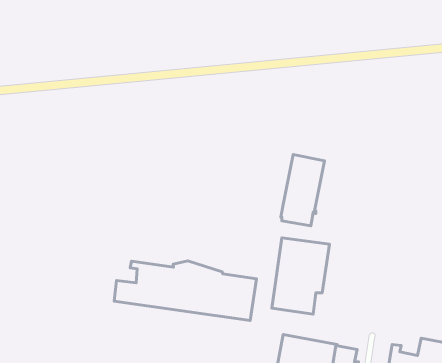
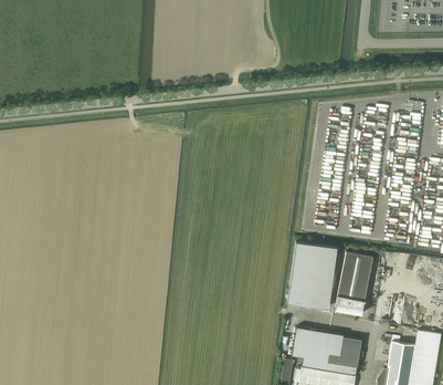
building: [281,155,325,226] -> [335,251,373,314]
building: [114,261,256,321] -> none

